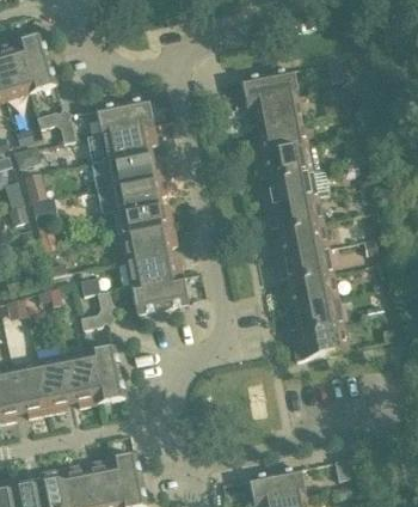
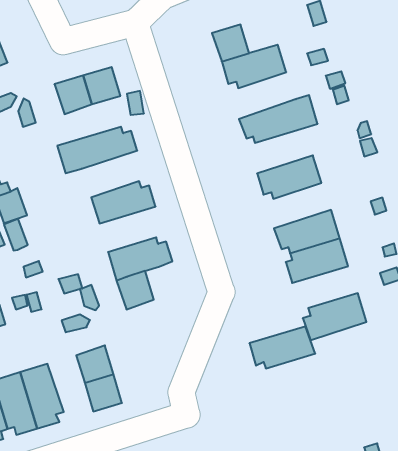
building: [268,69,299,100] -> none
building: [253,121,309,158] -> none
building: [87,126,158,164] -> none
building: [264,170,331,208] -> none
building: [98,176,168,215] -> none
building: [273,222,330,258] -> none
building: [123,227,178,263] -> none
building: [159,277,190,310] -> none
building: [288,299,345,332] -> [249,326,315,368]
building: [63,352,99,407] -> none

